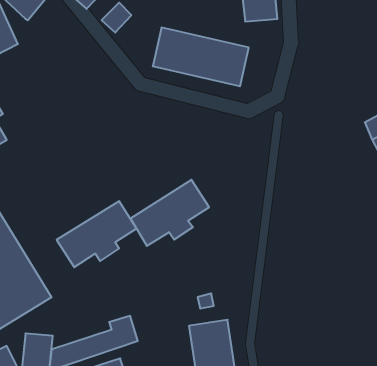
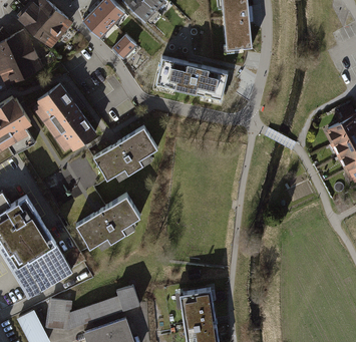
building: none -> [34,82,98,150]
building: [130,180,209,246] -> [95,126,158,180]

